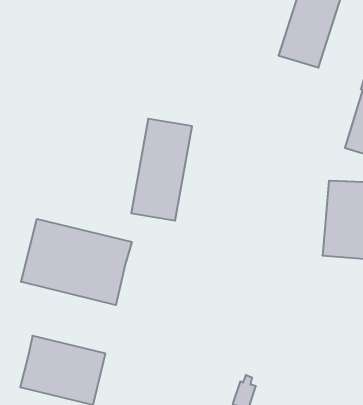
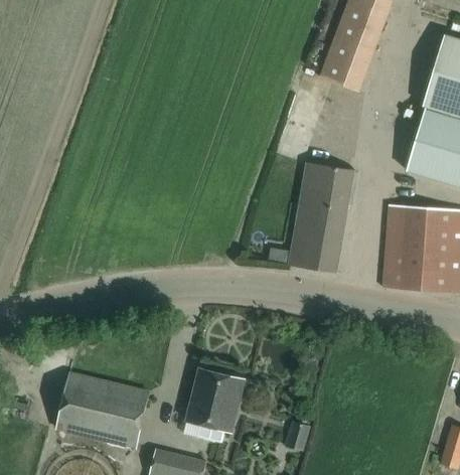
building: [131,119,192,221] -> [289,163,354,273]
building: [21,219,132,305] -> none
building: none -> [187,368,243,432]

